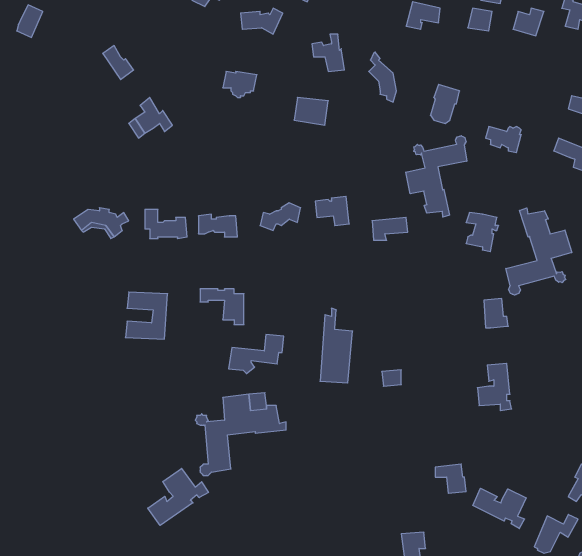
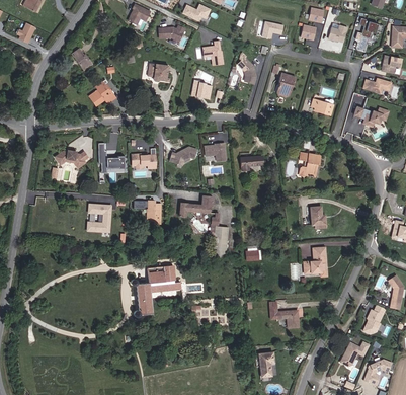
building: [406,136,467,217] -> none
building: [506,208,572,295] -> none
building: [229,335,284,374] -> [178,195,213,220]
building: [148,468,208,525] -> none
building: [473,488,526,529] -> none

